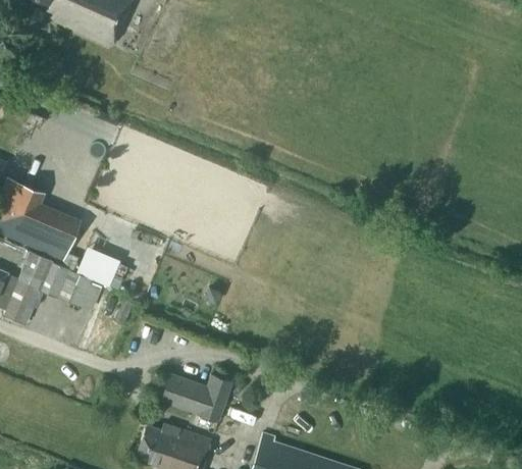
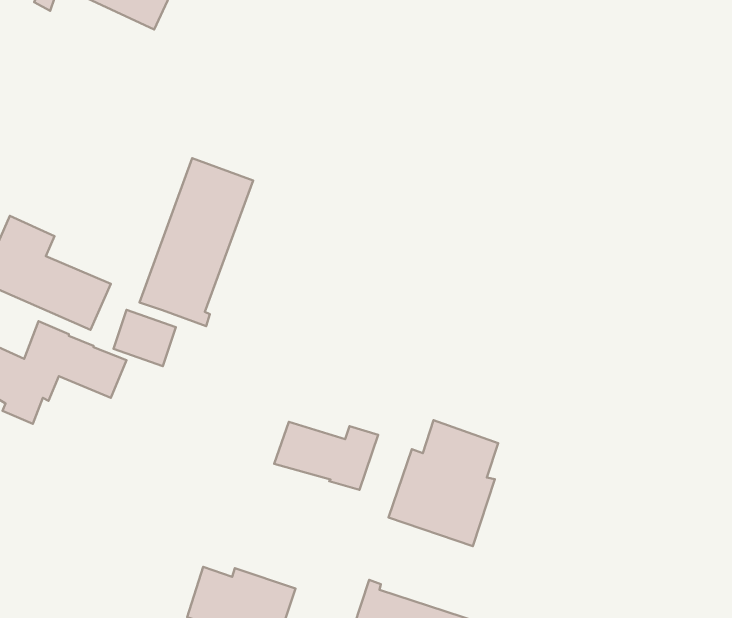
building: none -> [139,158,253,326]
building: none -> [388,420,498,546]
building: [159,372,232,420] -> [274,422,378,490]

